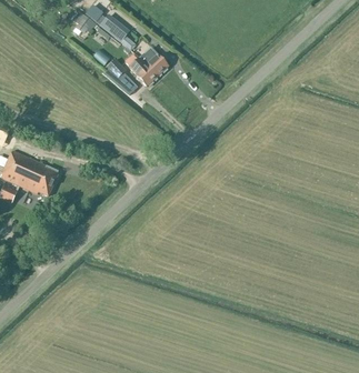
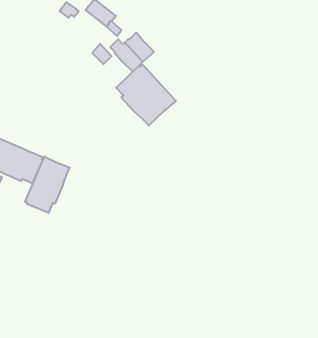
building: none -> [116,65,176,126]
building: none -> [25,156,70,213]

